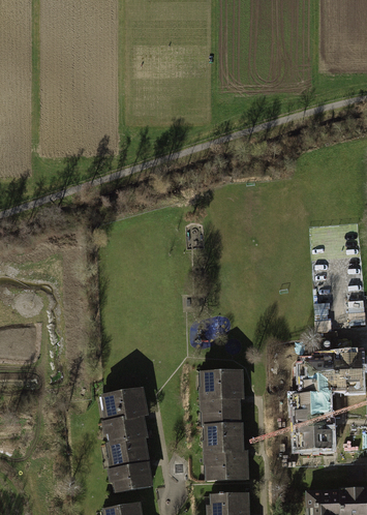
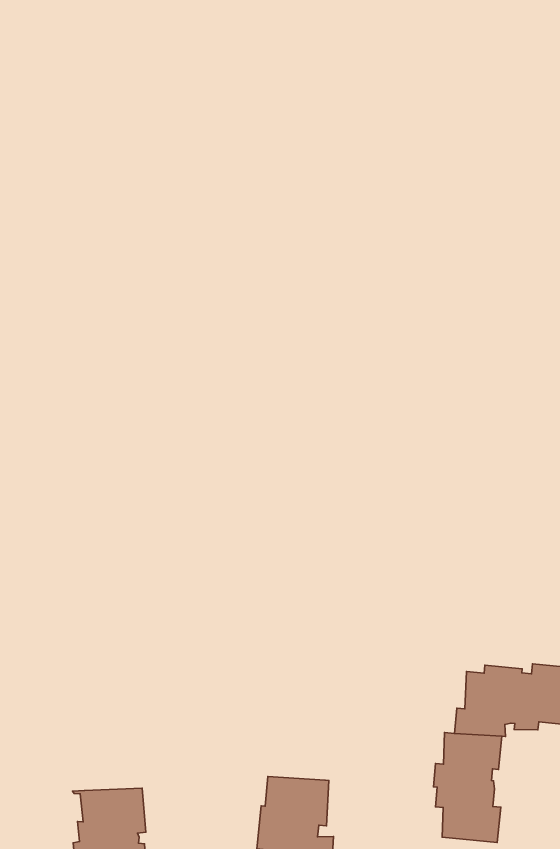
building: [201,371,241,426] -> none
building: [101,389,145,443] -> none

